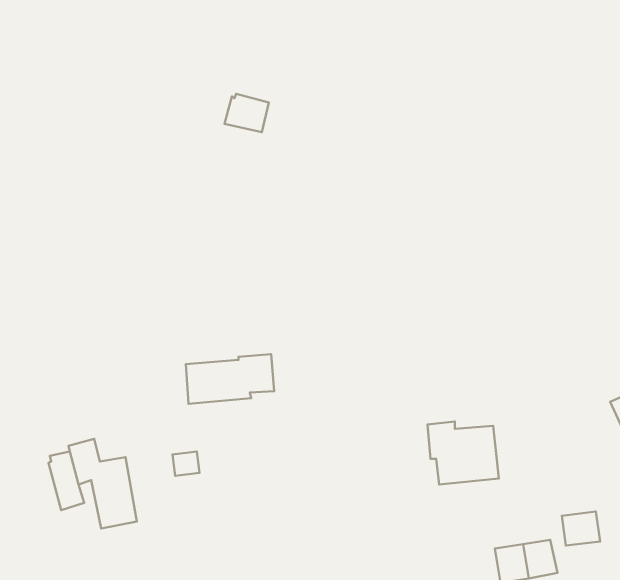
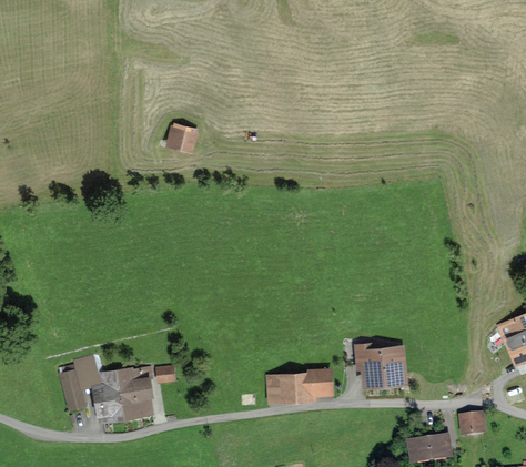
building: [225,94,269,132] -> [165,121,200,151]
building: [186,354,274,404] -> [266,366,335,405]
building: none -> [119,365,155,418]

